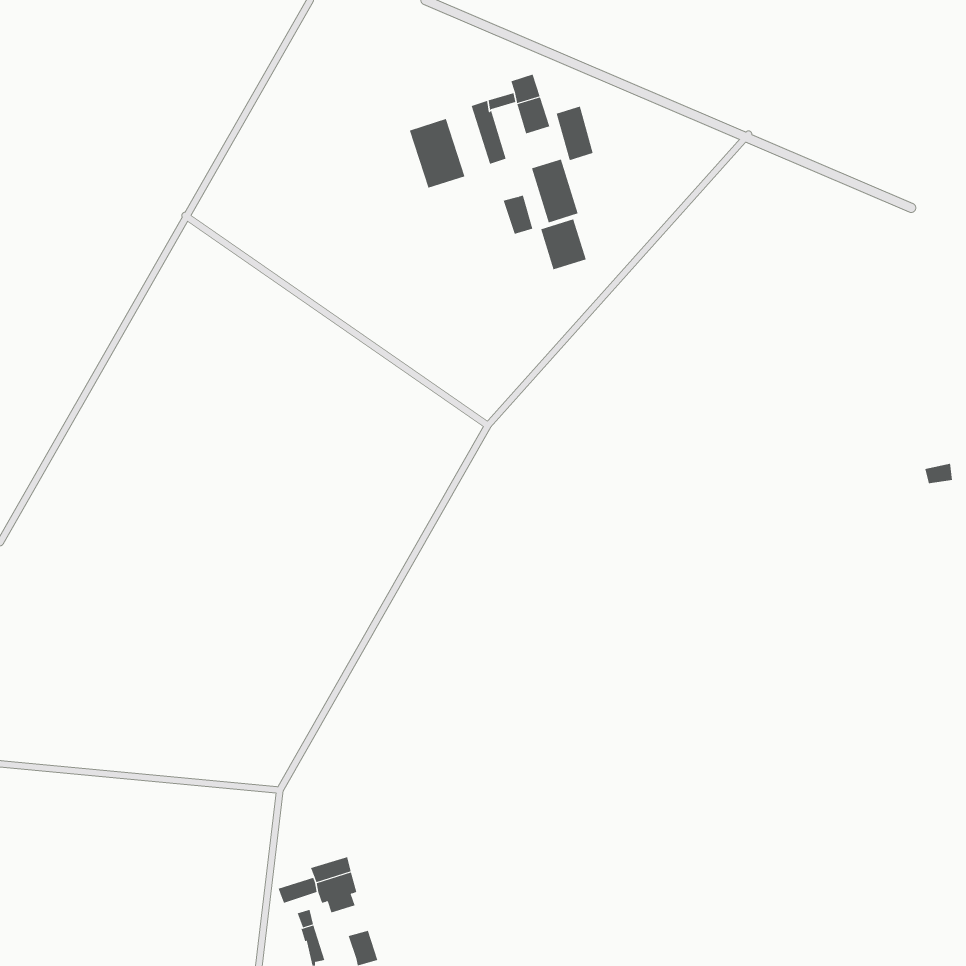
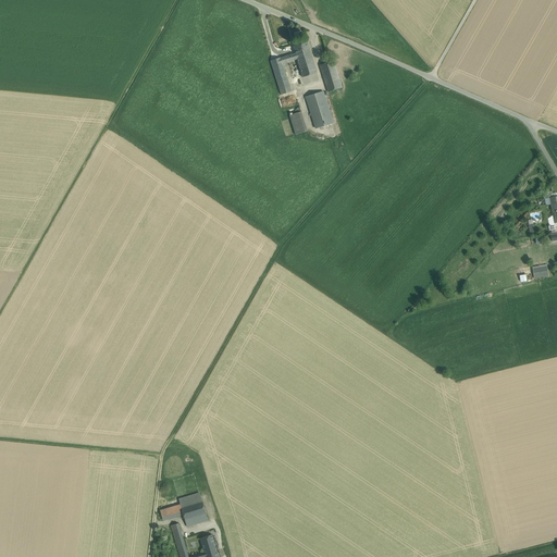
building: [409,118,465,189] -> none
building: [540,218,586,270] -> none

